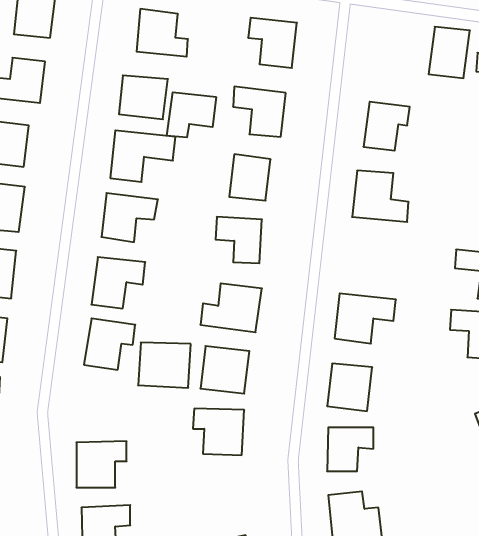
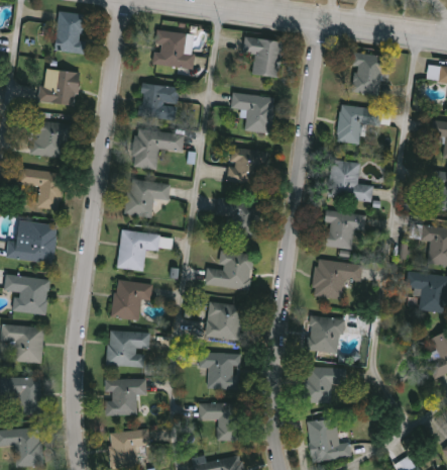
building: [429,27,470,78] -> [349,53,382,94]
building: [167,92,216,137] -> none
building: none -> [321,209,361,250]
building: [138,343,191,388] -> [105,331,147,367]
building: none -> [197,402,238,440]

